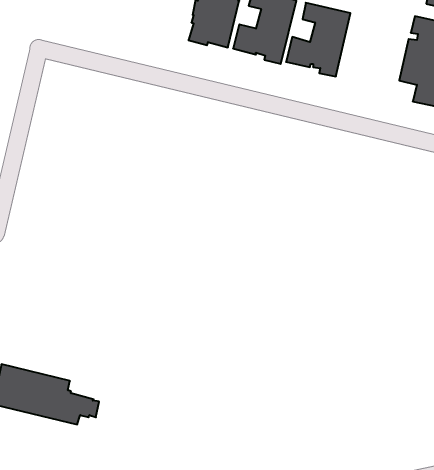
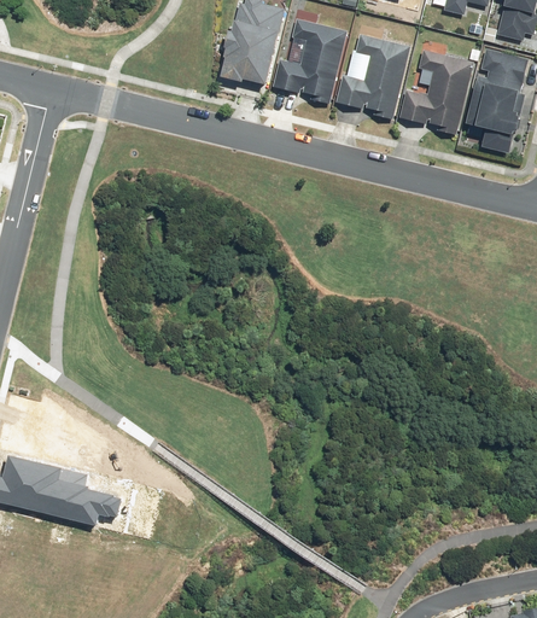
building: none -> [398,48,473,134]

